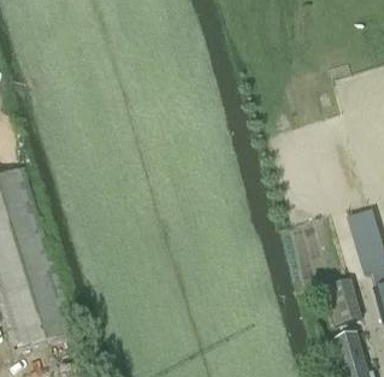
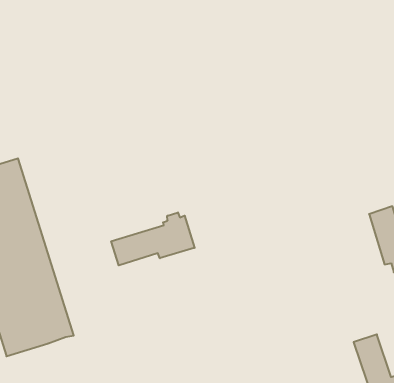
building: none -> [111,212,195,265]
building: [326,277,365,324] -> none

